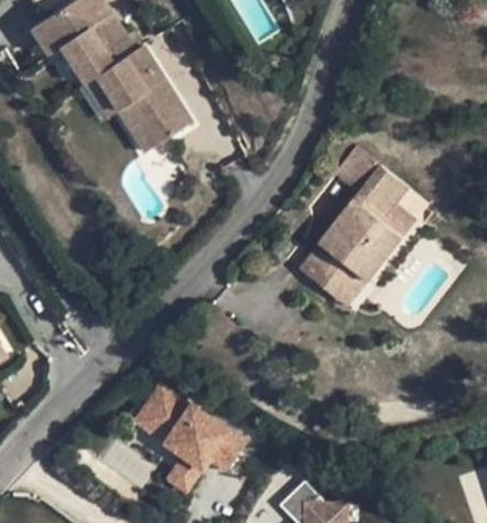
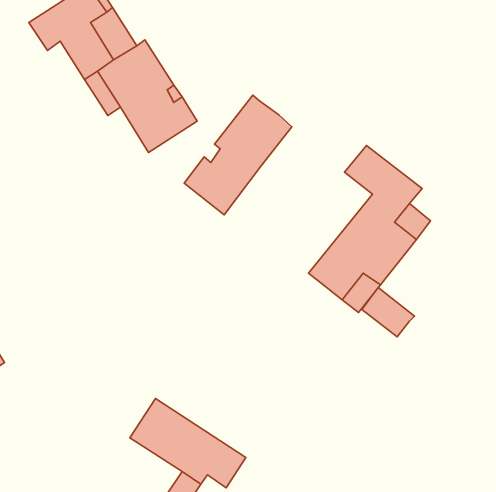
building: none -> [184,95,292,215]
building: none -> [362,288,415,337]

